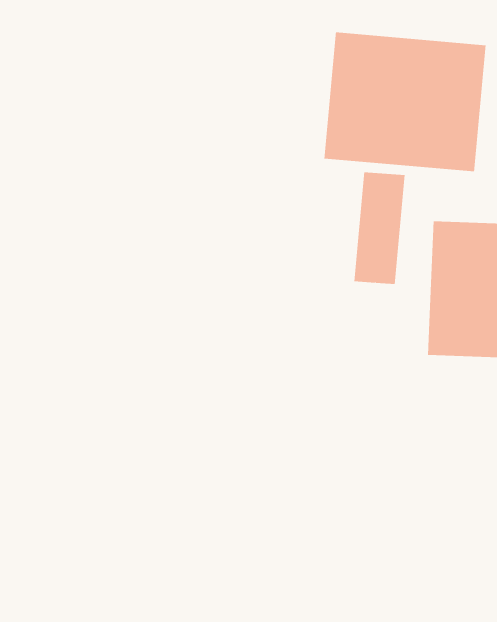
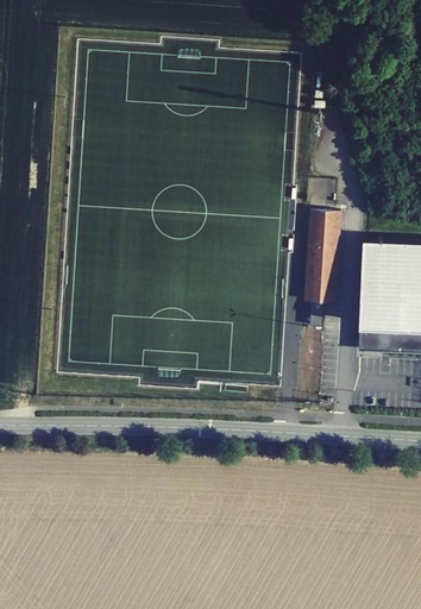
building: [324,32,486,172] -> none

